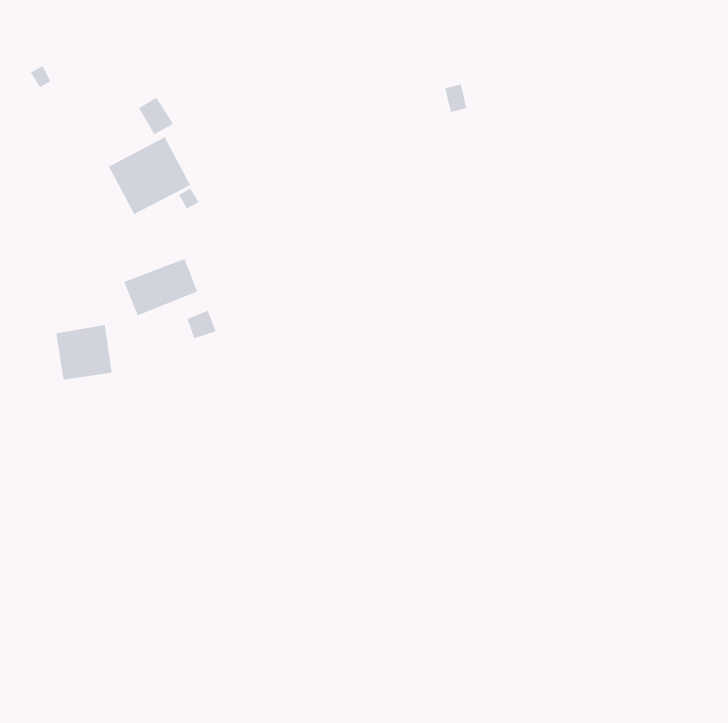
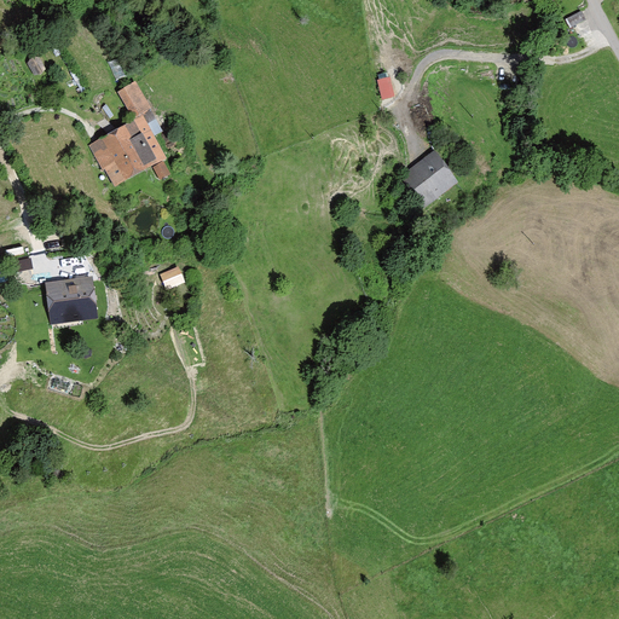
building: none -> [404,155,453,204]
building: [123,258,198,316] -> none

